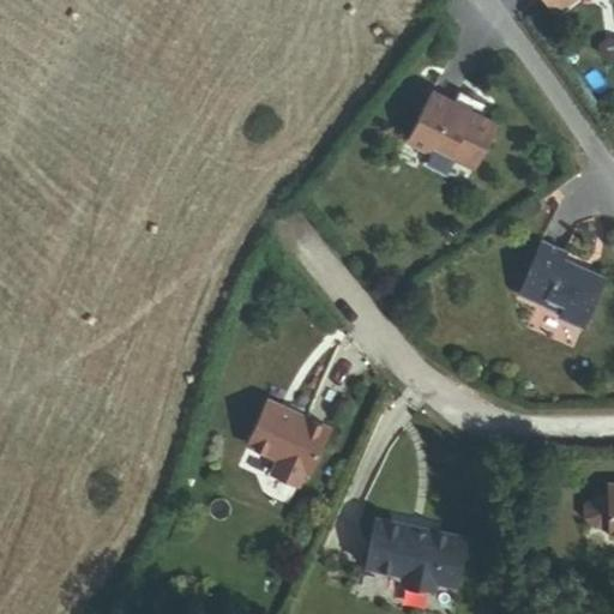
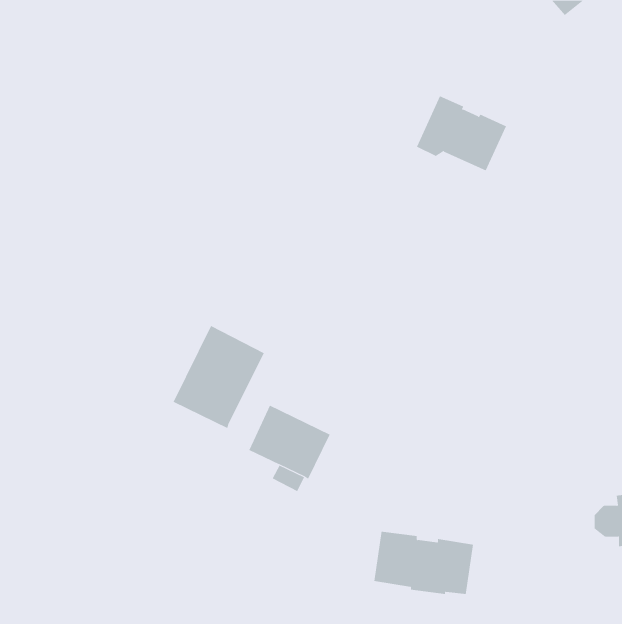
building: [516,242,602,331] -> none
building: none -> [173,325,264,429]

